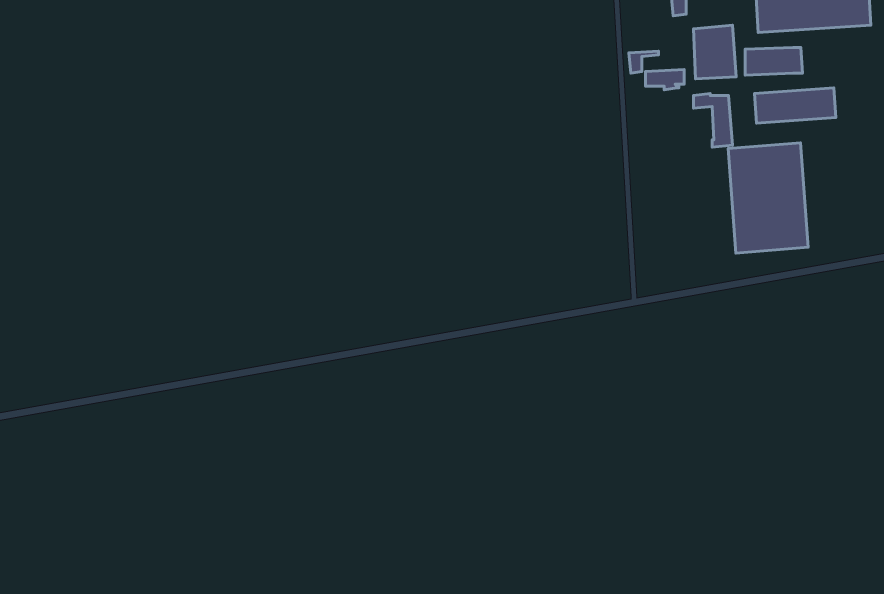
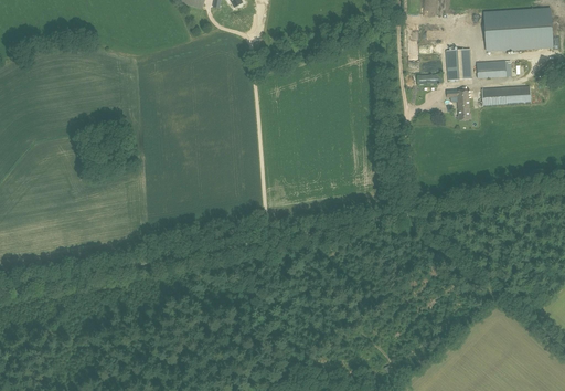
building: [728,143,808,253] -> none

